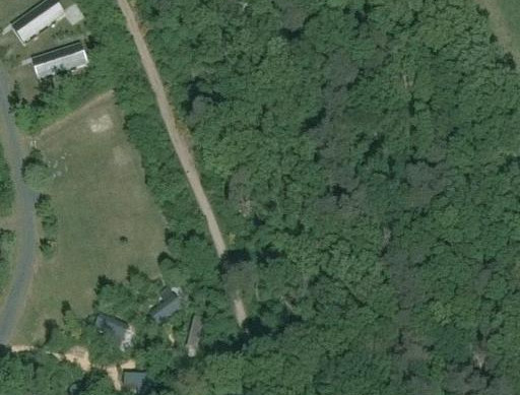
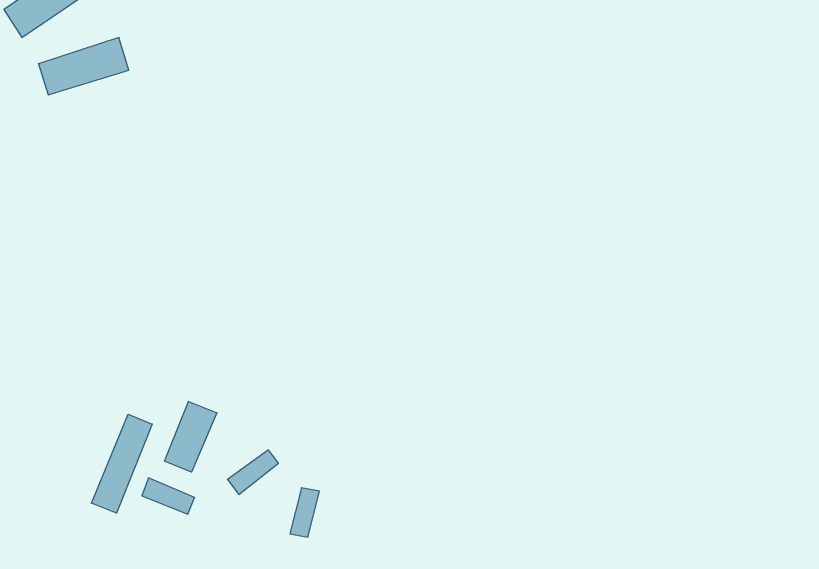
building: none -> [165,401,217,472]
building: none -> [91,414,152,513]

